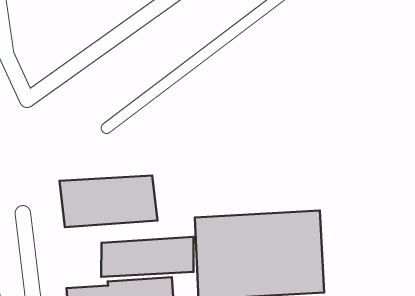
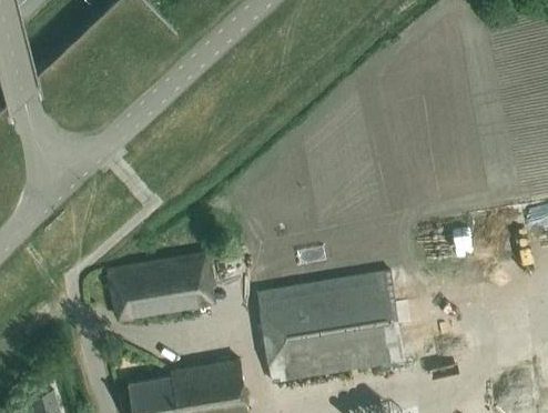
building: [101,237,194,277] -> none

